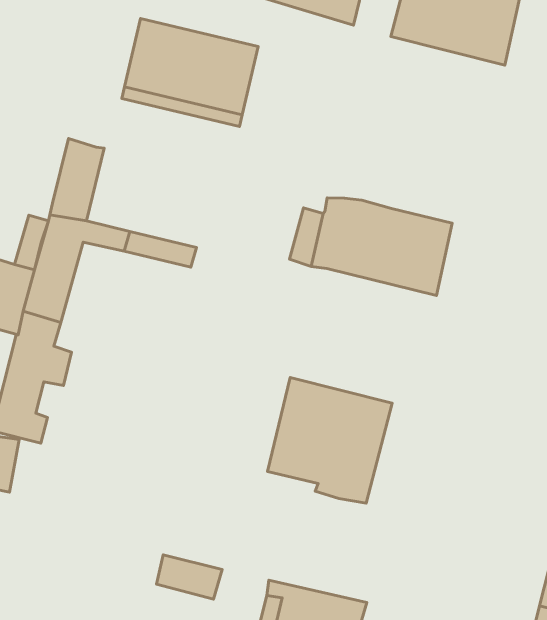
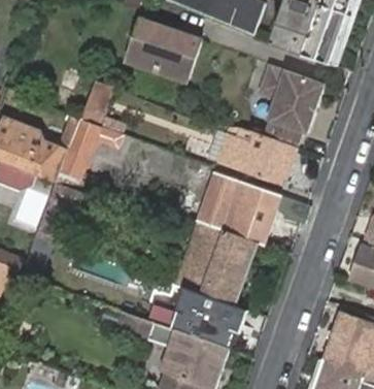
building: none -> [261,66,326,148]
building: none -> [199,172,310,245]
building: none -> [171,288,239,349]

